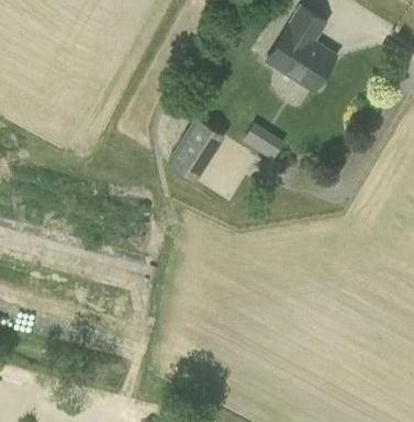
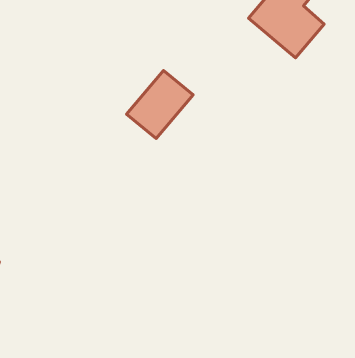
building: [243,122,286,160] -> none

